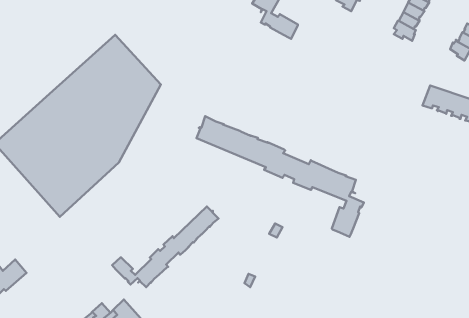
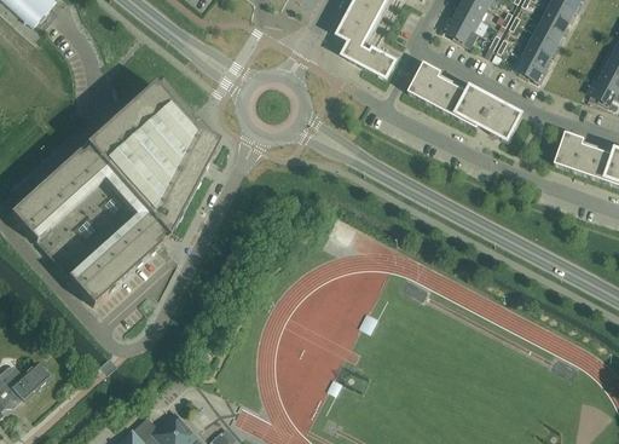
building: none -> [406,67,521,140]
building: [197,116,364,237] -> none
building: [112,206,219,287] -> none

